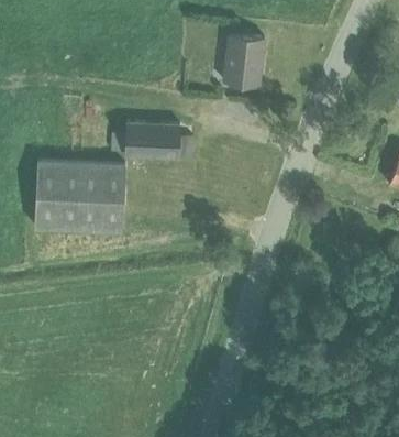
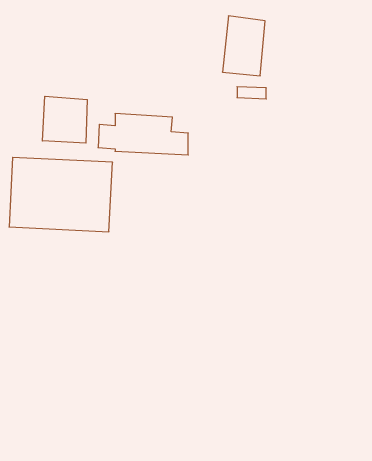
building: none -> [42,96,87,143]

